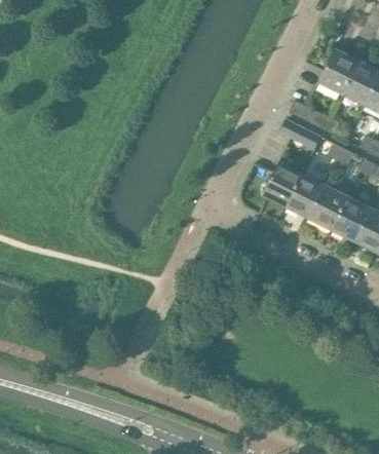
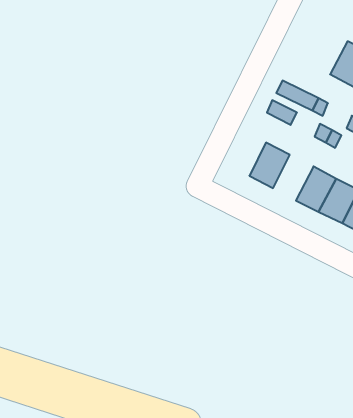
building: [318,48,359,93] -> none
building: [286,174,326,219] -> none

